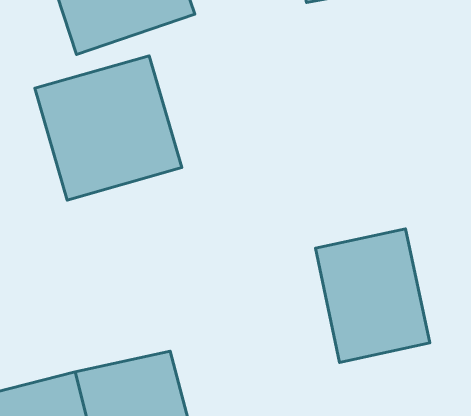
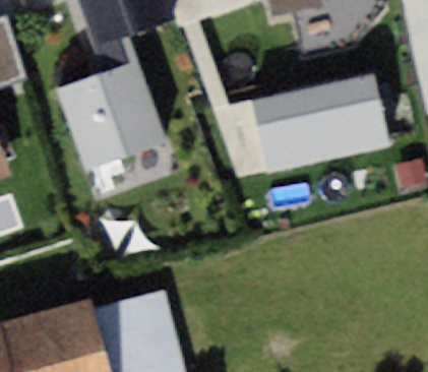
building: none -> [245,71,382,171]
building: [315,229,430,362] -> none

